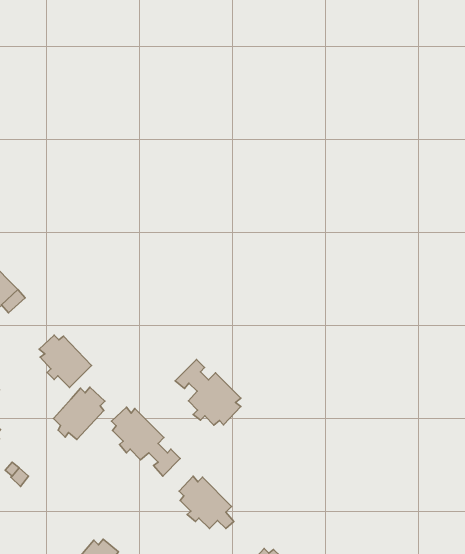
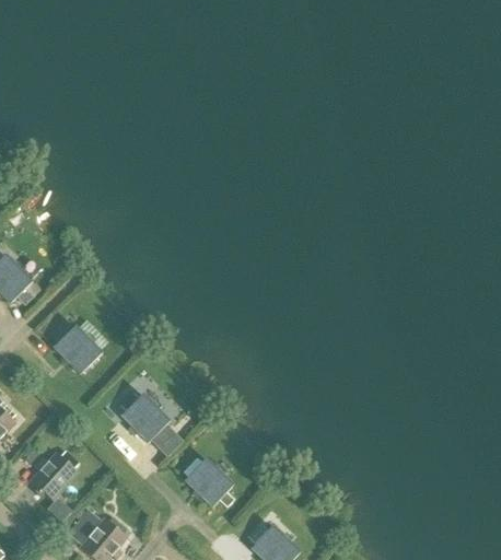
building: [175,359,241,425] -> none
building: [53,387,105,440] -> [30,451,78,500]

